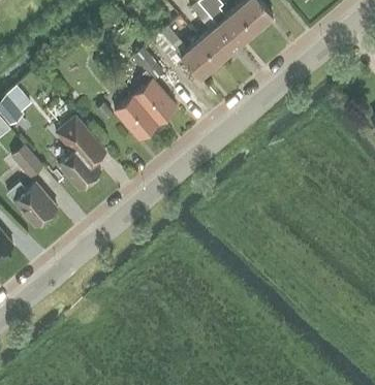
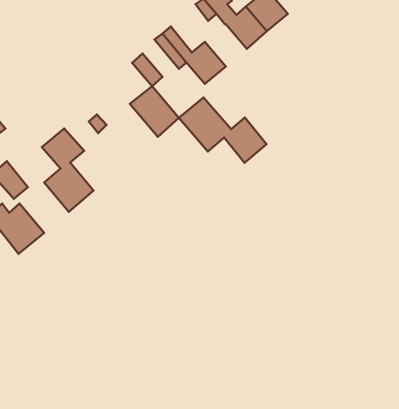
building: [199,24,237,61] -> none
building: none -> [179,97,266,163]
building: [115,94,158,138] -> none

